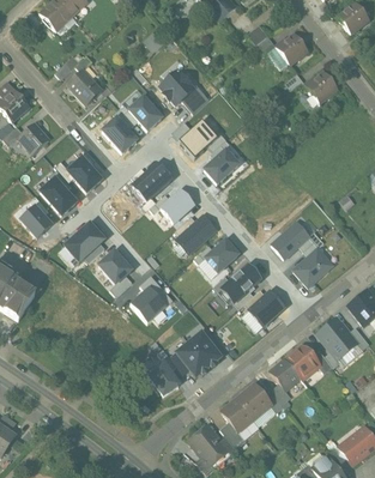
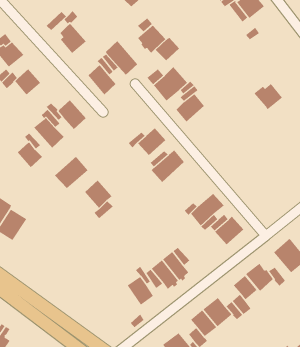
building: [303,69,337,101] -> [254,83,283,110]
building: [133,162,171,199] -> none
building: [272,219,310,256] -> none
building: [205,238,238,271] -> none
building: [294,247,333,285] -> none
building: [131,274,173,320] -> none

